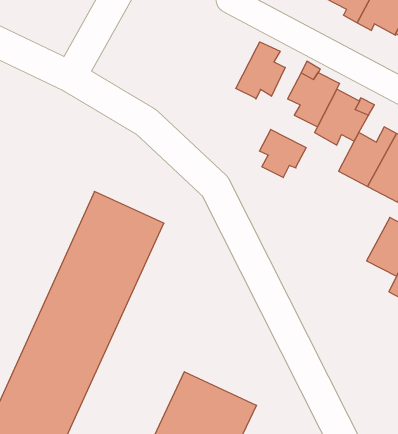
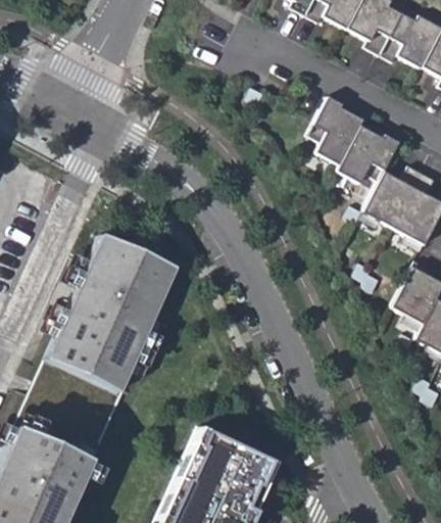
building: [236,42,285,99] -> none
building: [259,129,306,178] -> none

